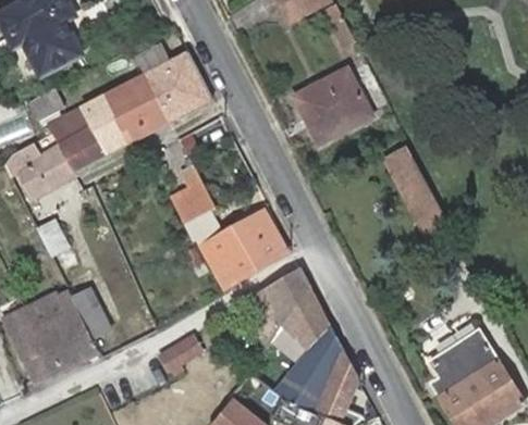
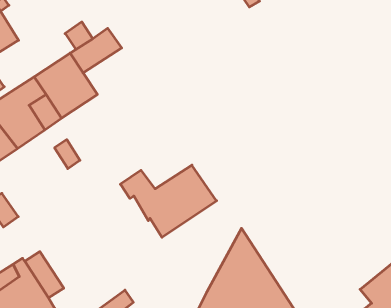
building: [293,68,371,142] -> none
building: [155,75,212,123] -> none
building: [385,150,443,230] -> none
building: [171,167,217,223] -> none
building: [255,270,309,349] -> none

